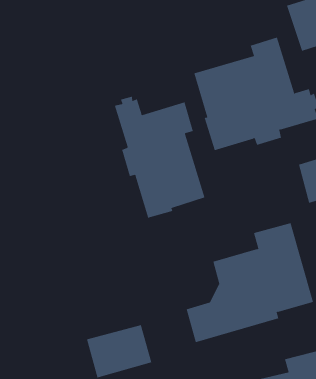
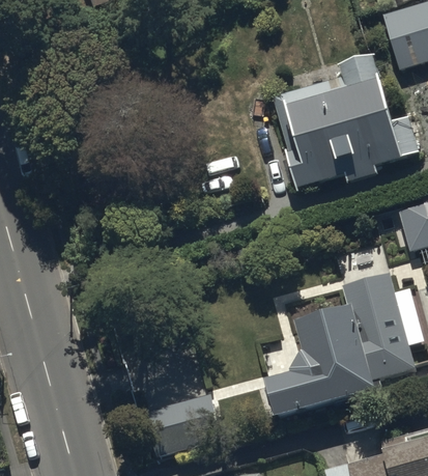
building: [114,96,205,219] -> none

